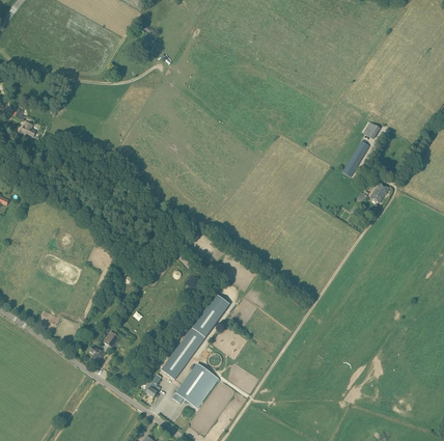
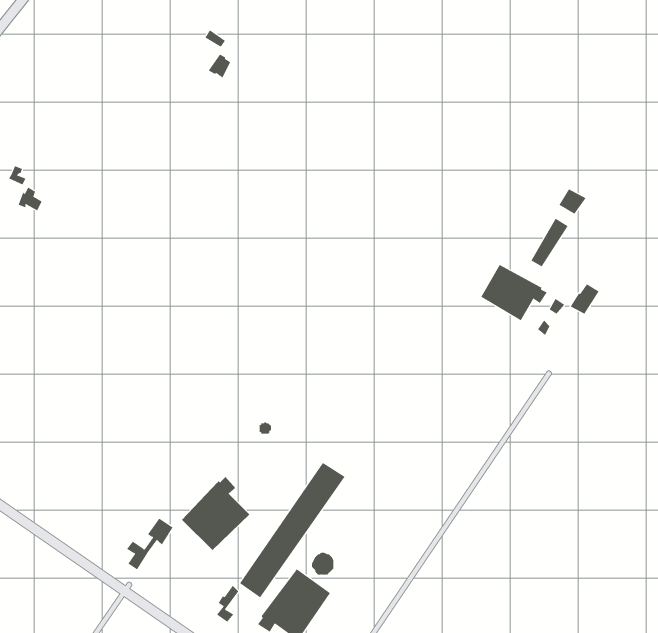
building: none -> [481,264,547,321]
building: none -> [181,476,250,551]

